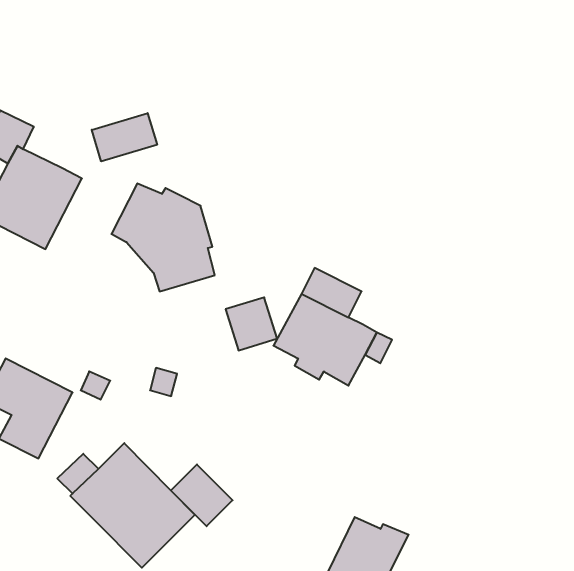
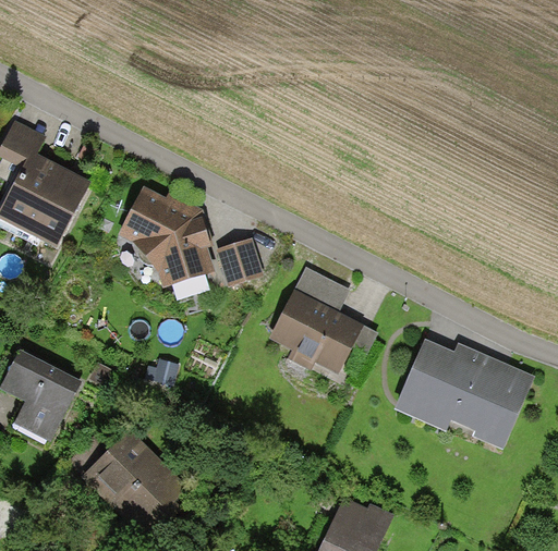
building: [92,113,157,161] -> none
building: [226,297,277,350] -> [216,237,264,286]
building: none -> [393,338,535,450]
building: [171,464,233,526] -> none

